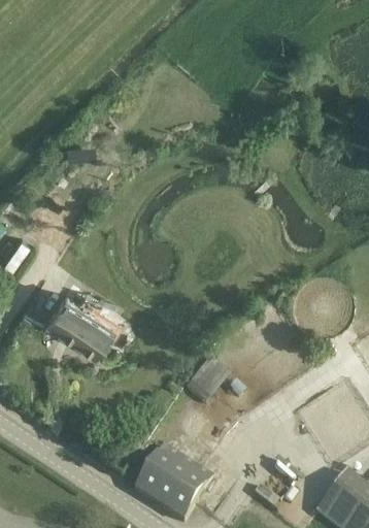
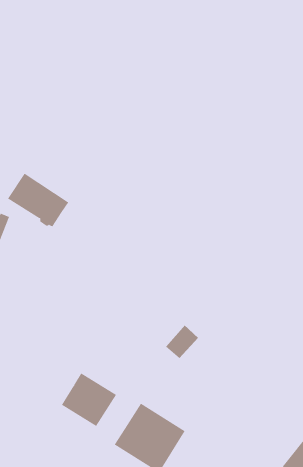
building: [43,298,110,357] -> [7,173,69,227]
building: none -> [61,372,117,427]

